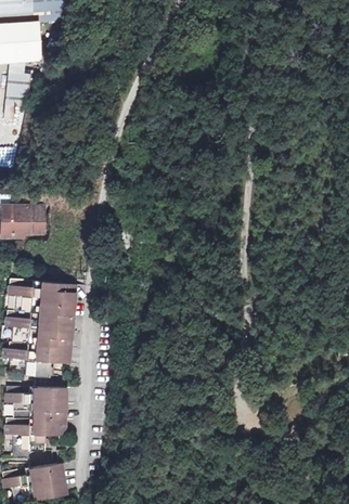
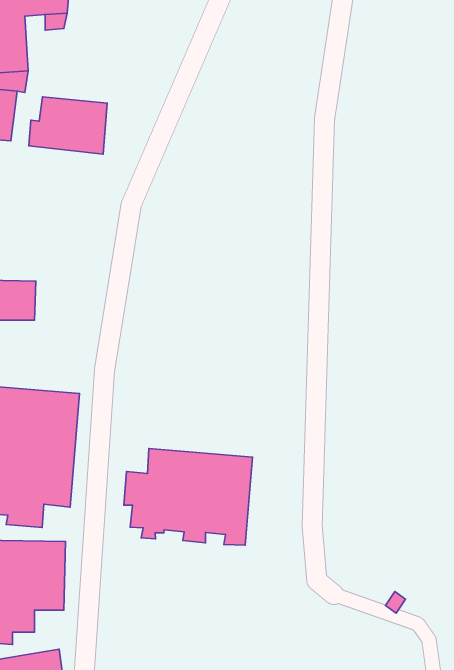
building: none -> [29,97,107,154]
building: none -> [124,449,253,545]

